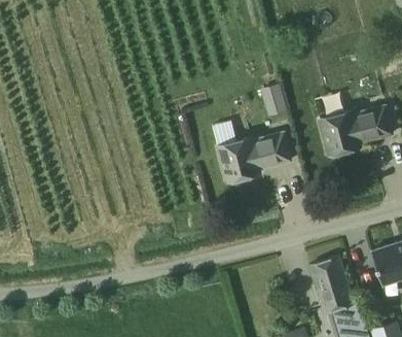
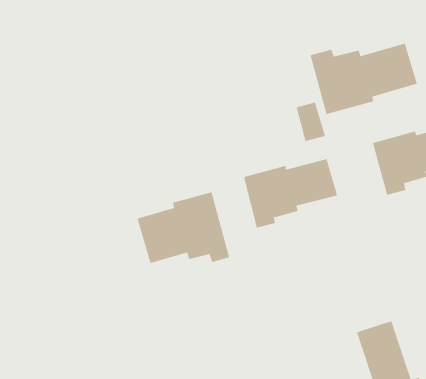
building: none -> [310,43,418,115]
building: none -> [137,192,230,264]

